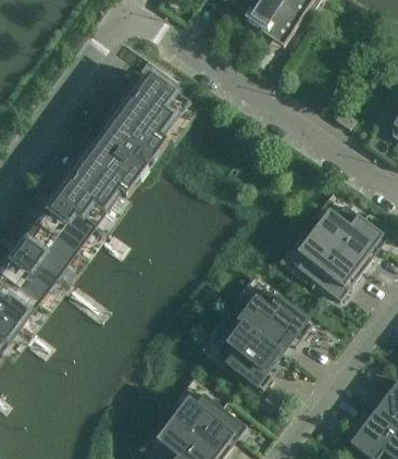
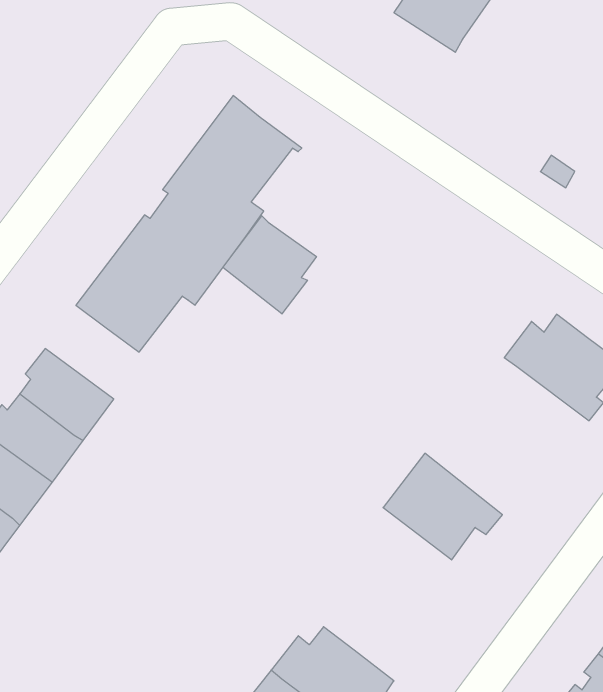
building: none -> [223,216,316,314]
building: [35,197,96,253] -> none
building: [295,228,362,298] -> none
building: [213,319,279,387] -> none

